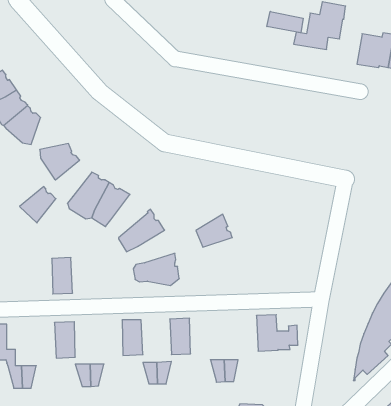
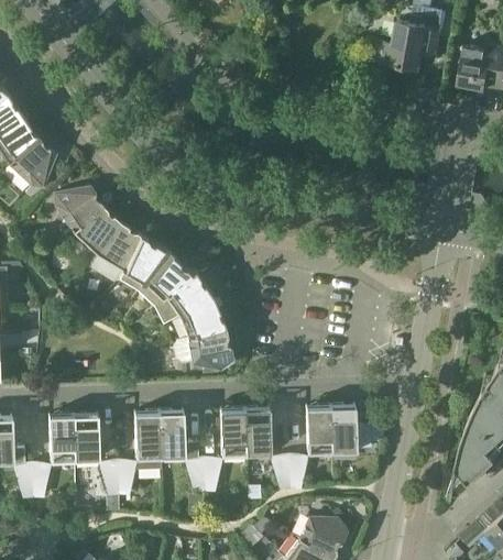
building: [267,11,303,33] -> none
building: [20,187,56,223] -> [75,208,121,254]
building: none -> [139,252,193,307]
building: [196,214,232,247] -> [179,297,226,339]
building: [52,258,73,294] -> [50,415,76,461]
building: none -> [306,406,332,452]
building: none -> [245,408,272,454]
building: none -> [134,411,161,458]

